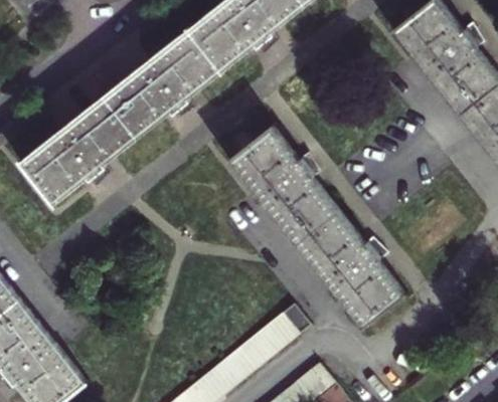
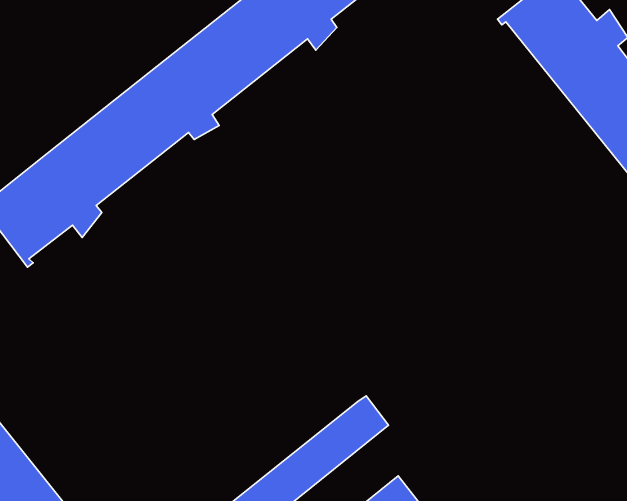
building: [223,119,408,324] -> none

